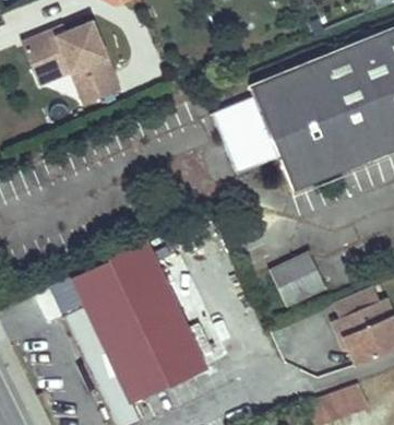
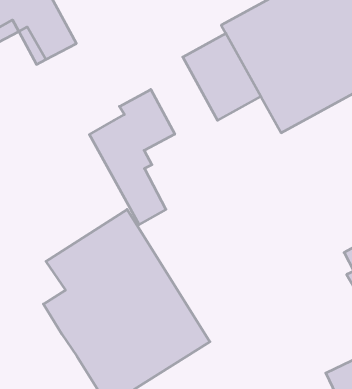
building: none -> [89,89,175,225]
building: [268,249,327,305] -> none

